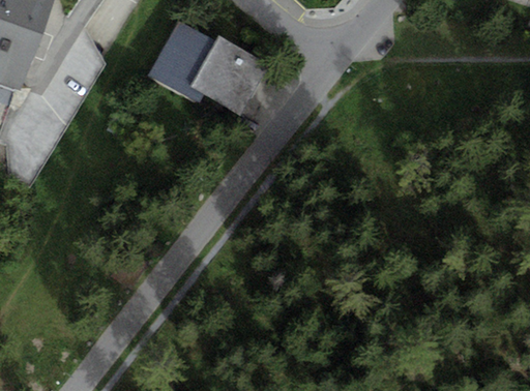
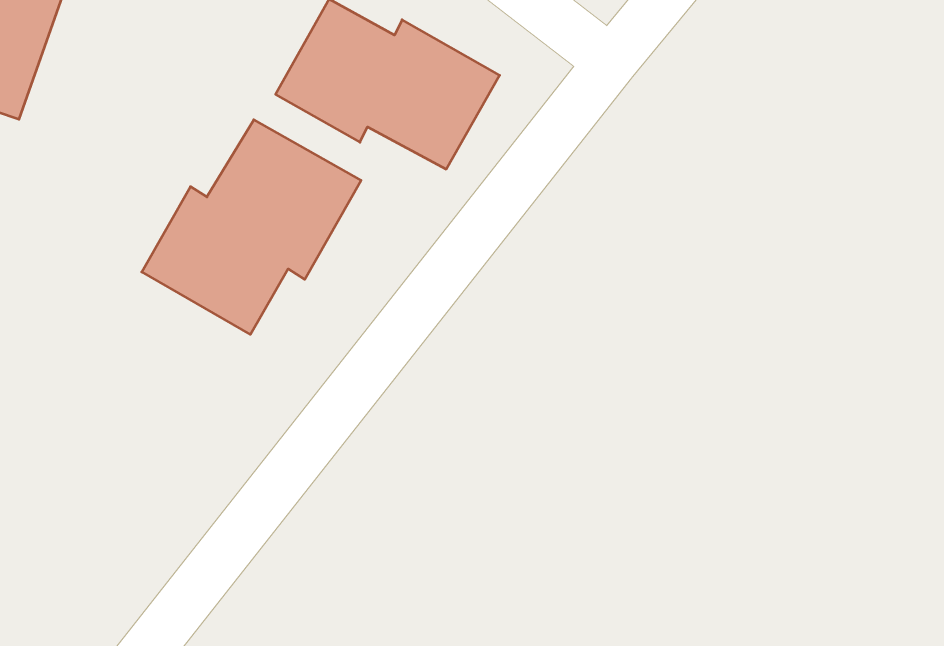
building: none -> [142,120,361,334]

